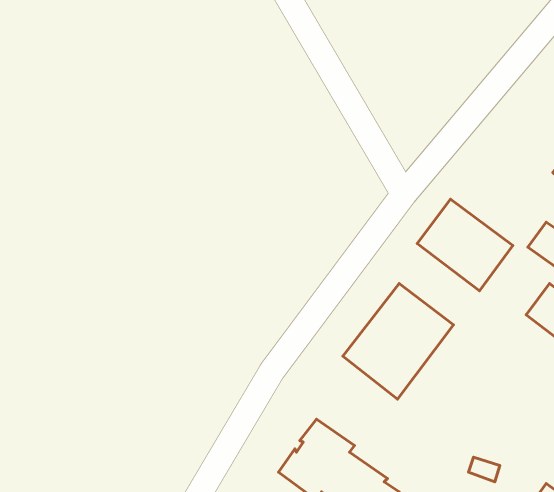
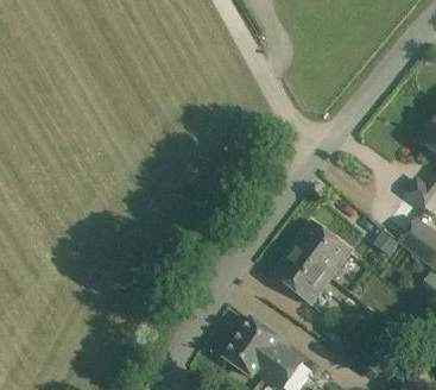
building: [417,199,513,291] -> none

